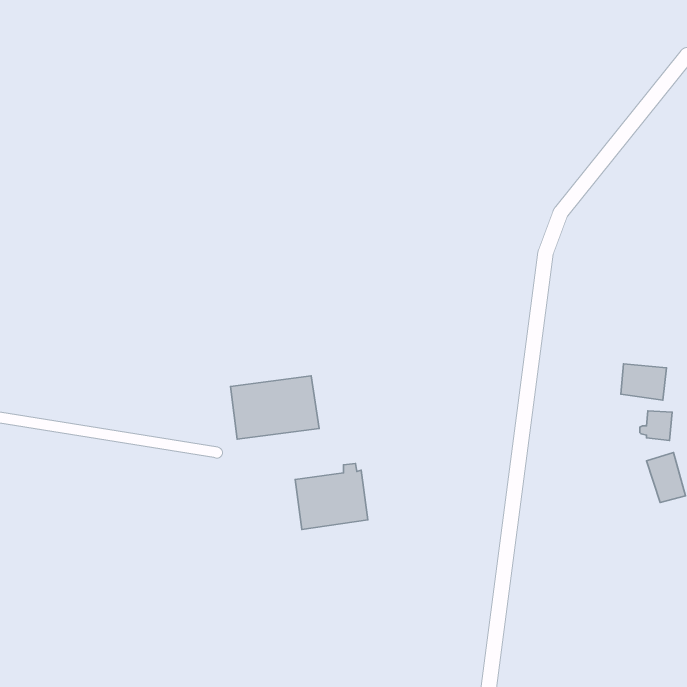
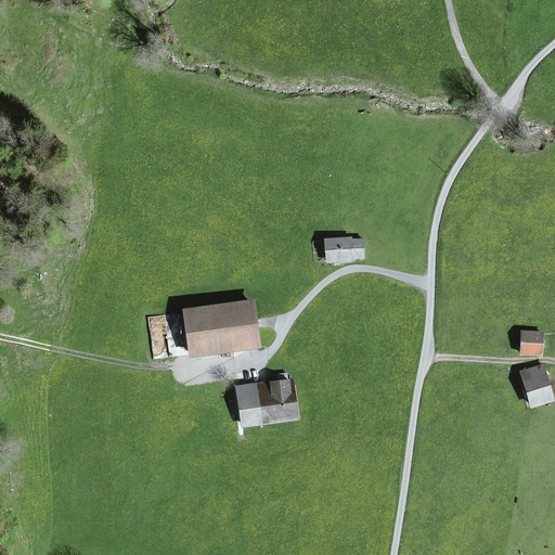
building: none -> [325,238,363,258]
building: [621,364,667,400] -> none

